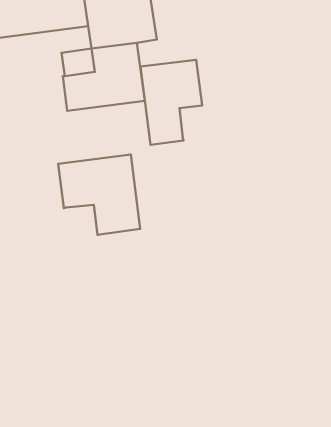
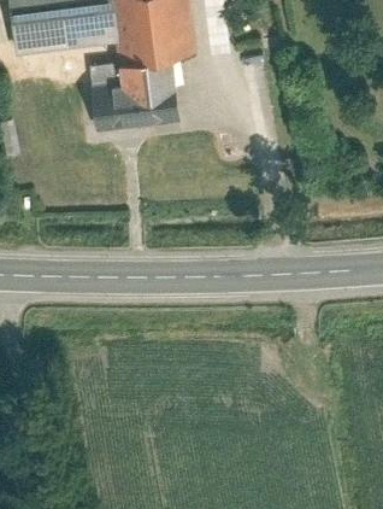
building: [140,60,202,145] -> none
building: [58,155,140,235] -> none

